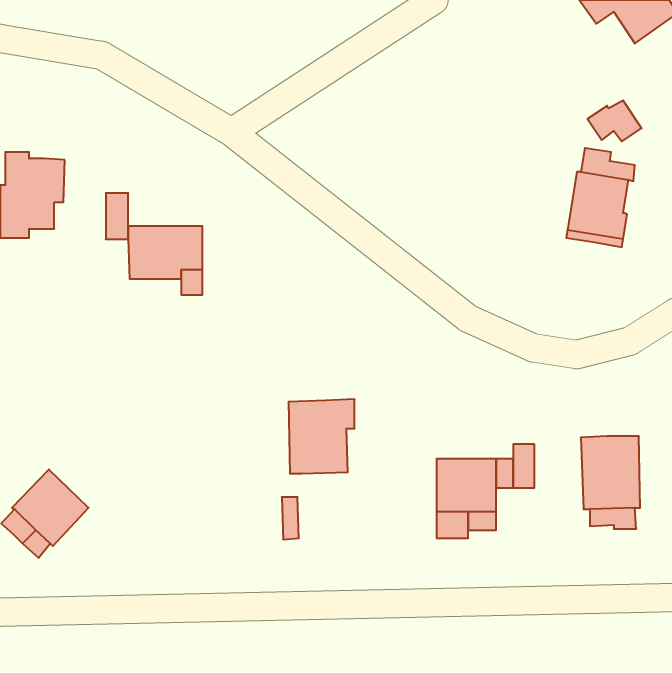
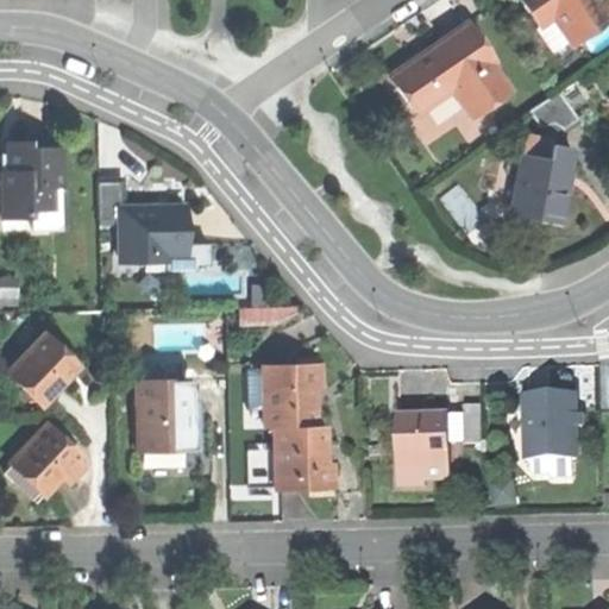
building: none -> [393,23,509,115]
building: none -> [11,329,80,398]
building: none -> [136,378,188,448]
building: none -> [275,427,334,490]

